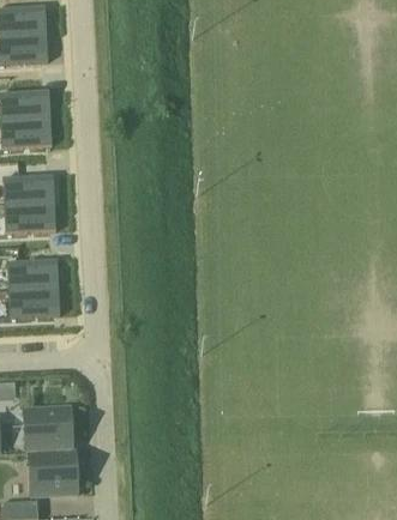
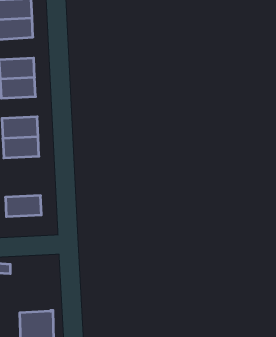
building: [7,259,59,289] -> none
building: [23,409,73,454] -> none

